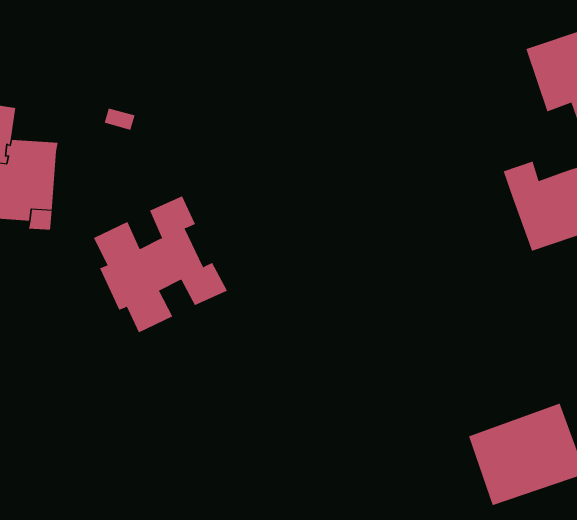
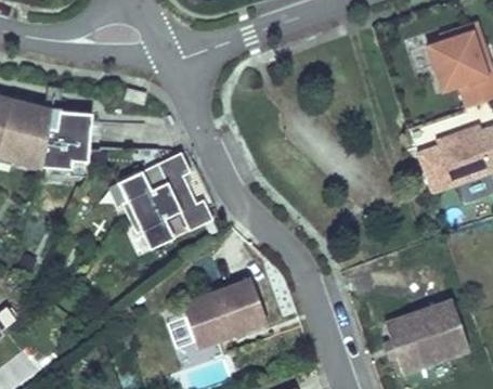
building: none -> [182,278,268,348]

